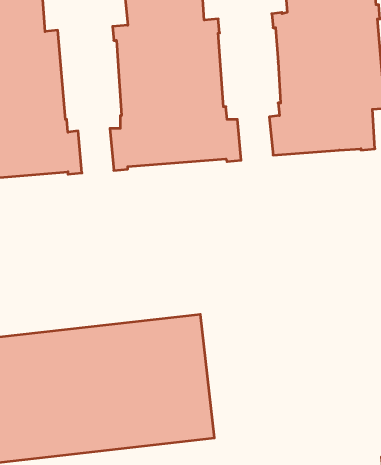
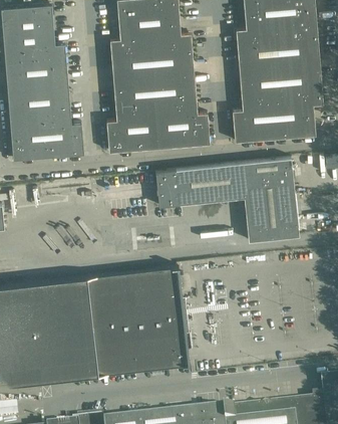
building: none -> [155,159,299,242]

